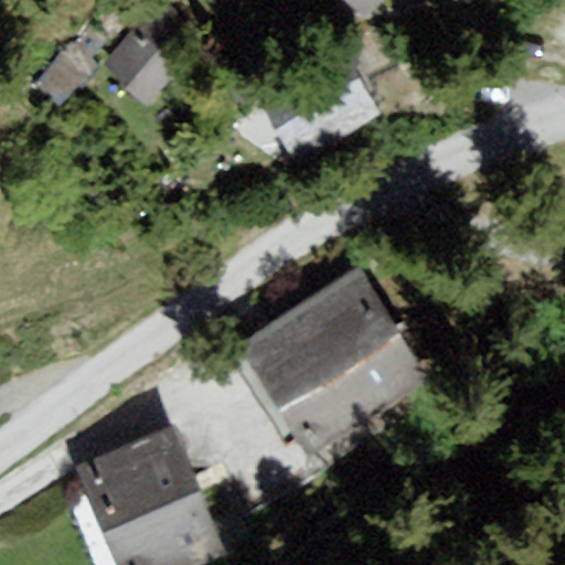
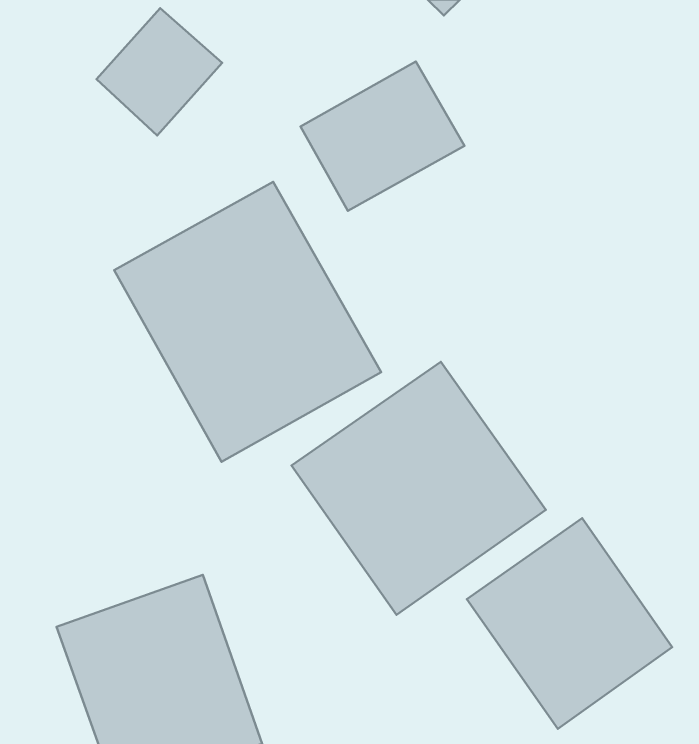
building: none -> [114,182,381,462]
building: none -> [467,518,672,729]

